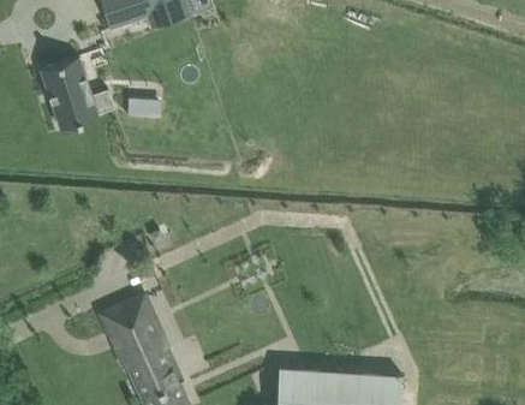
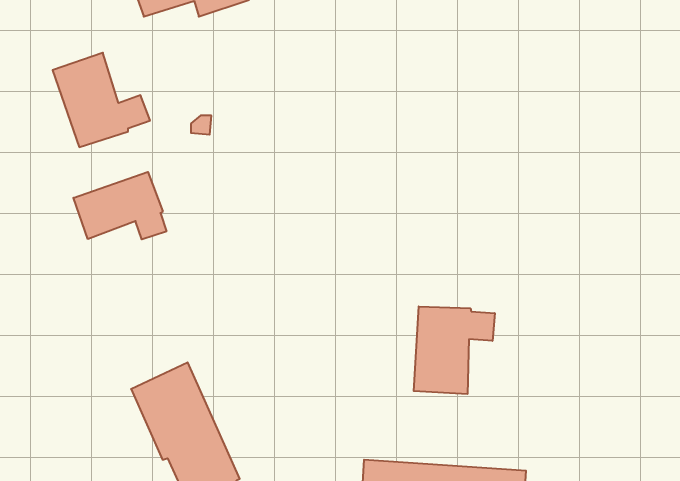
building: none -> [73,172,166,239]
building: none -> [414,306,495,394]

